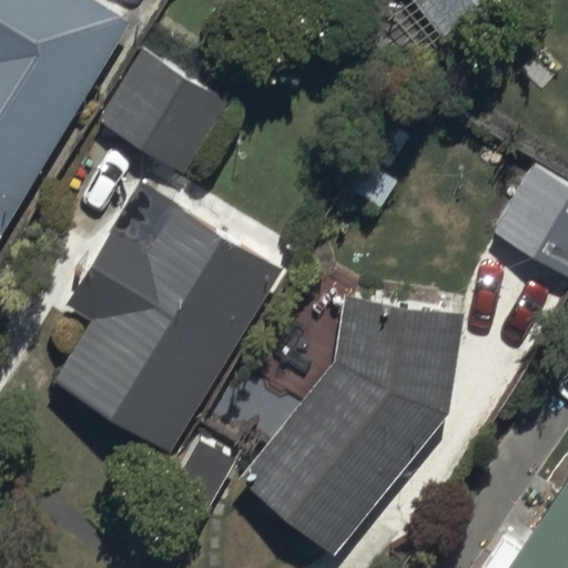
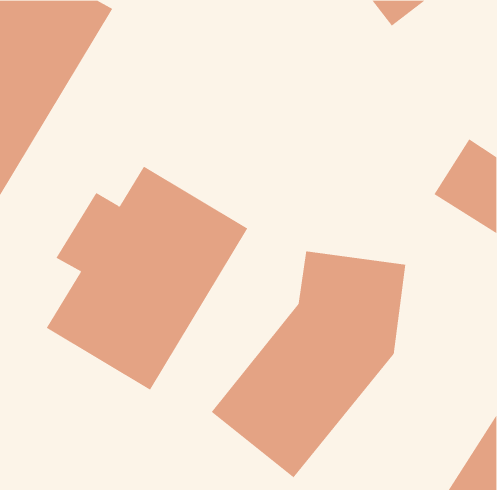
building: [97,48,231,176] -> none

